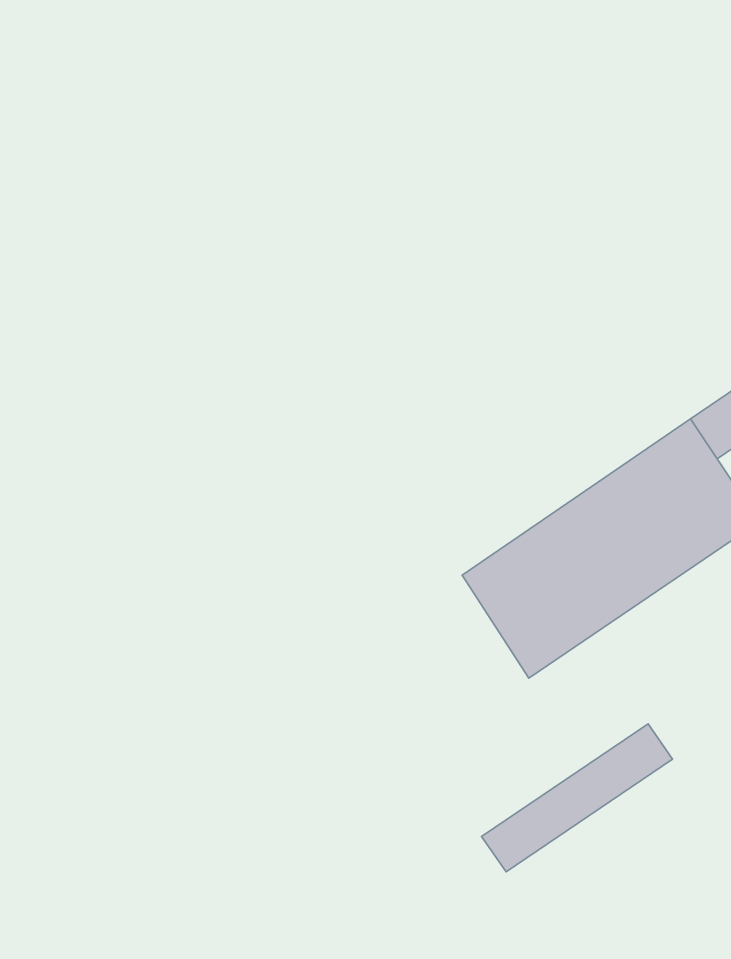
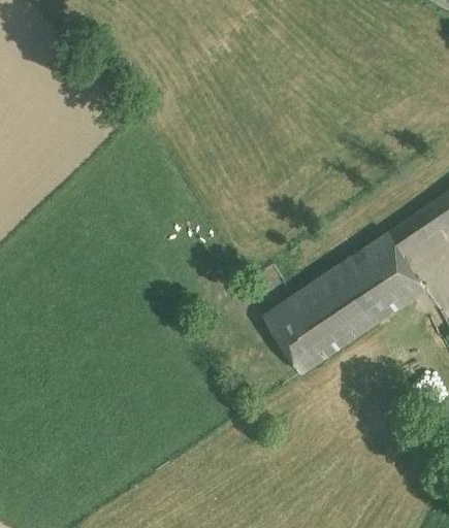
building: [482,724,673,872] -> none

